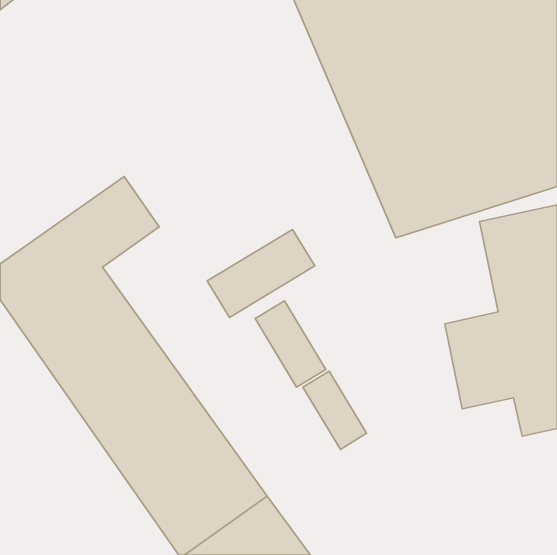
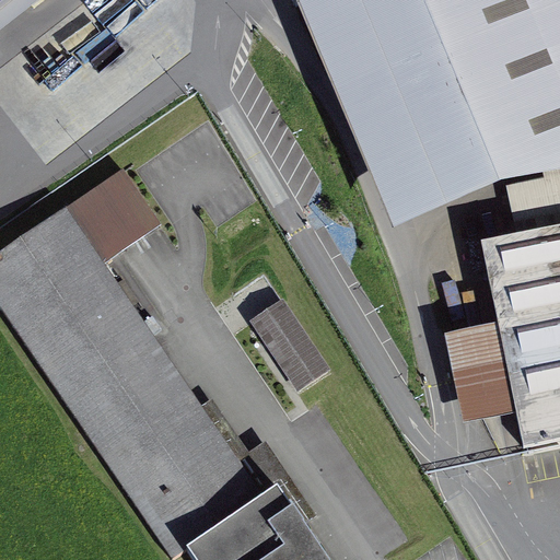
building: [207,229,315,317] -> none
building: [303,371,367,449] -> none

